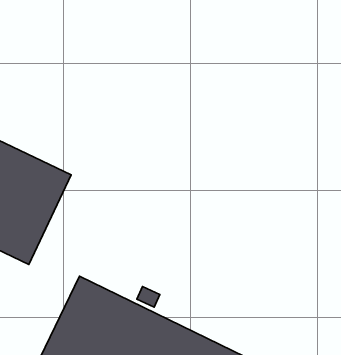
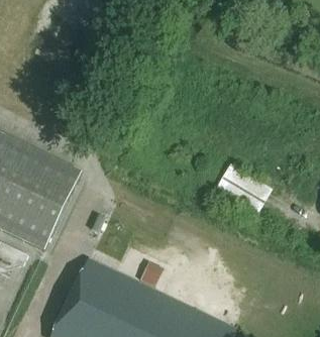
building: none -> [214,161,272,214]

